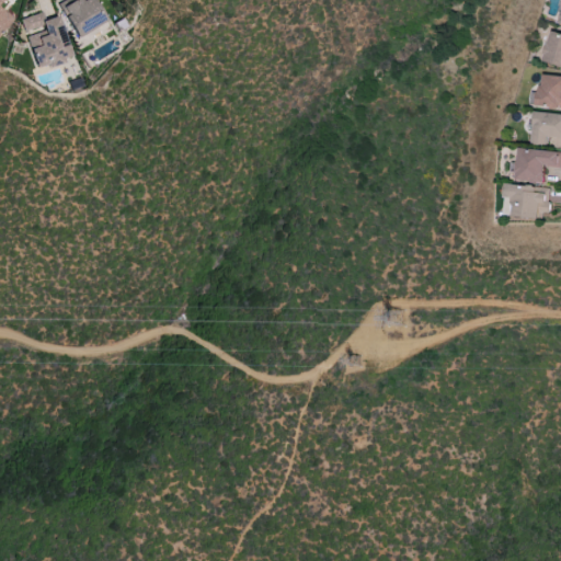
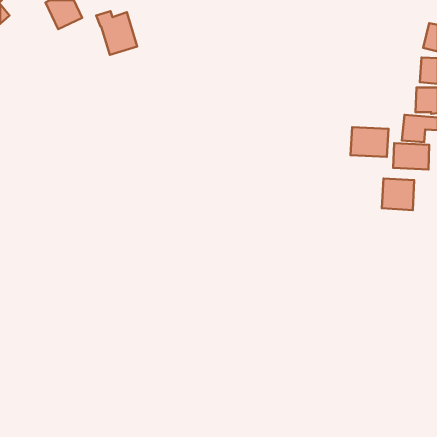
building: [20,15,72,71] -> [96,11,137,55]
building: none -> [351,127,389,157]
building: none -> [382,178,414,210]

